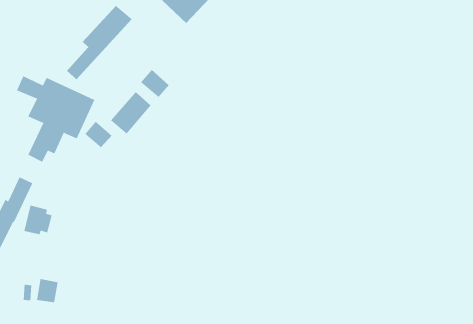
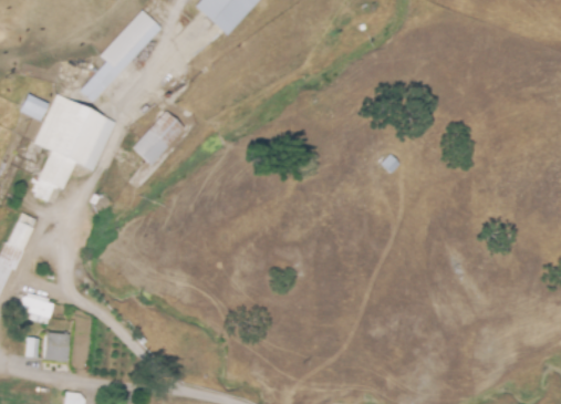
building: [140,69,169,98] -> none
building: [85,121,113,148] -> none
building: [23,205,52,235] -> [22,294,56,330]

